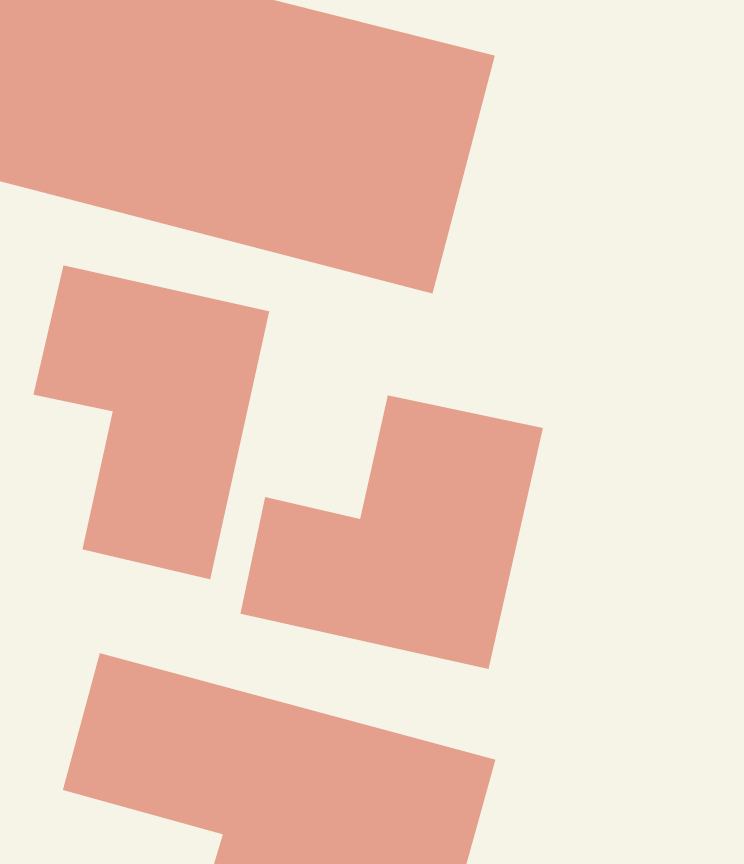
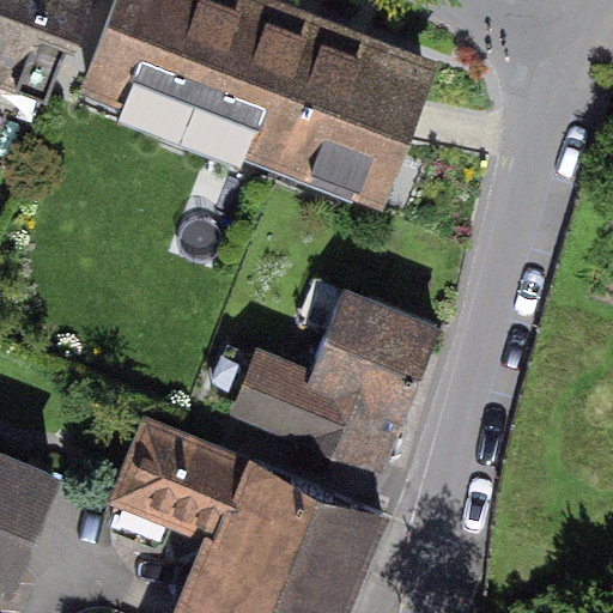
building: [33,265,270,580] -> none

